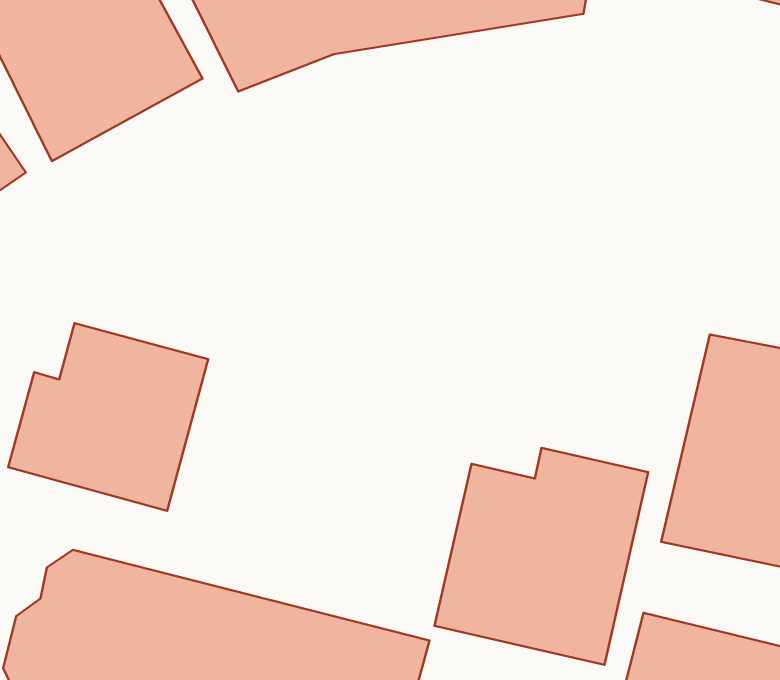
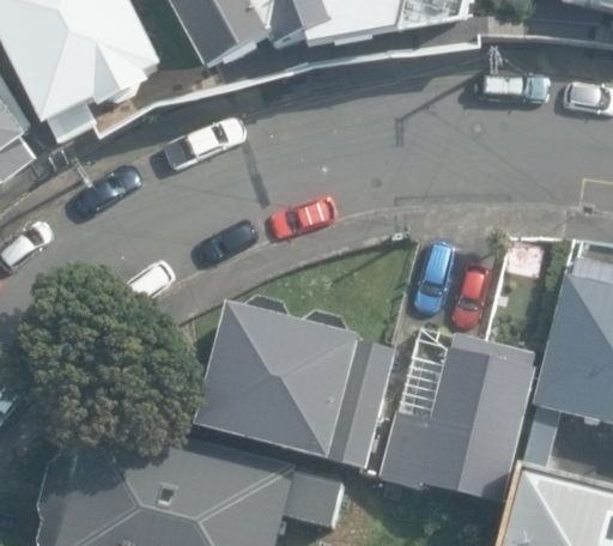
building: [8,323,208,511] -> none
building: none -> [184,305,358,460]

